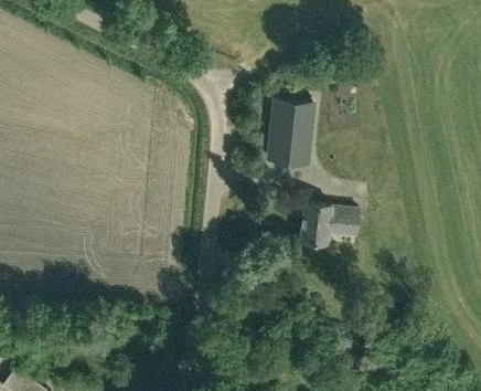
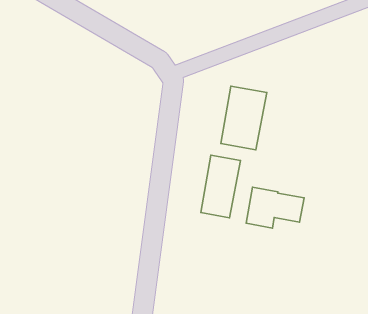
building: none -> [201,155,240,218]

